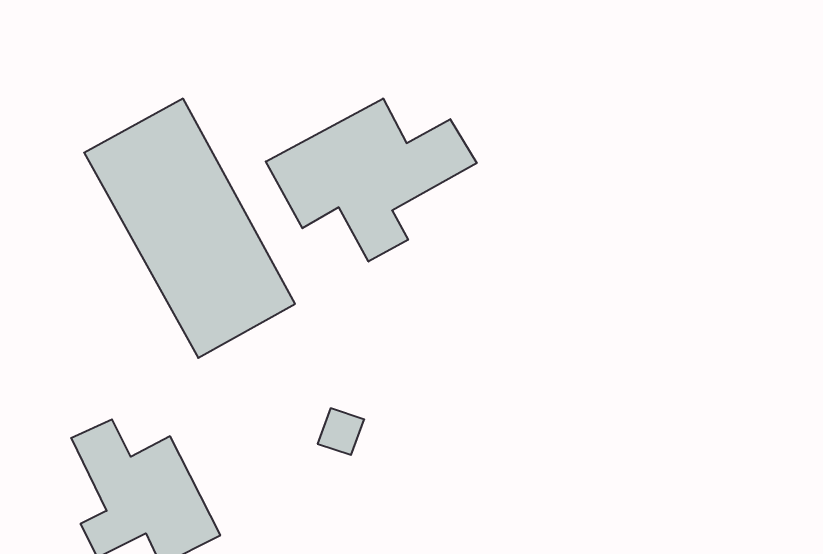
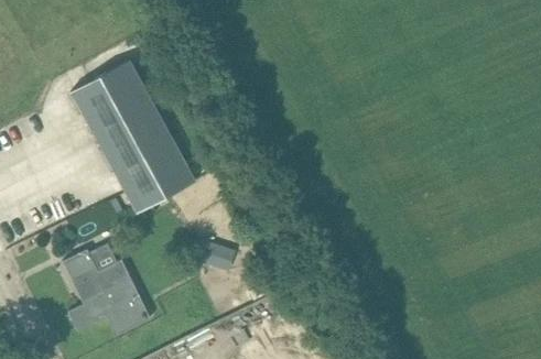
building: [266,98,477,262] -> none

